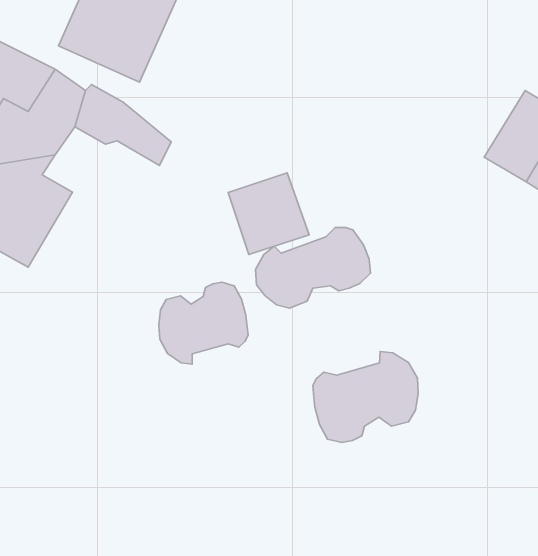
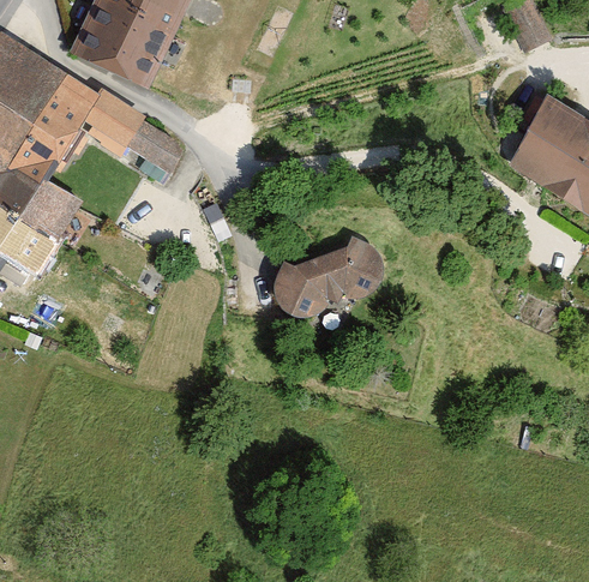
building: [228,173,309,254] -> none
building: [159,282,248,364] -> none
building: [313,352,418,443] -> none

